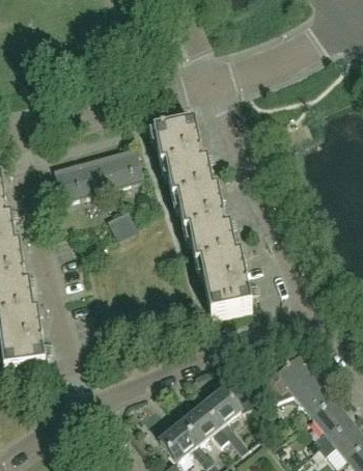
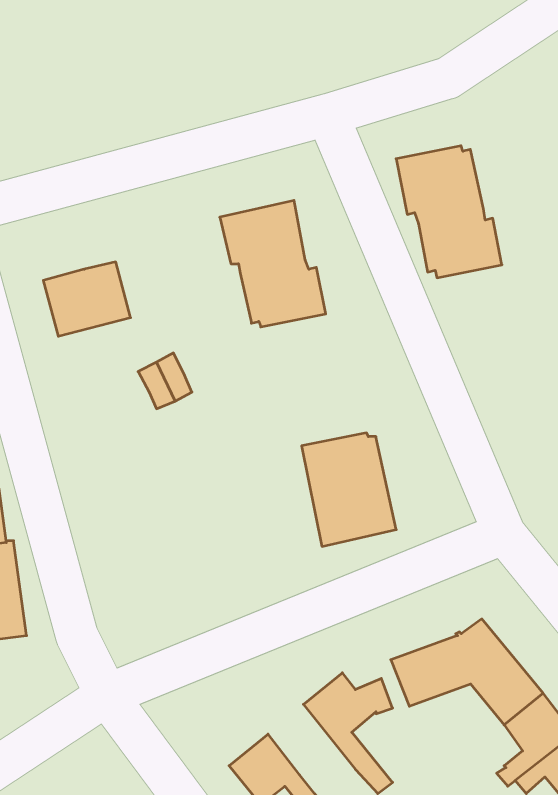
building: [95,145,144,188] -> none
building: [176,186,235,259] -> [396,146,502,278]
building: [180,404,229,444] -> none

